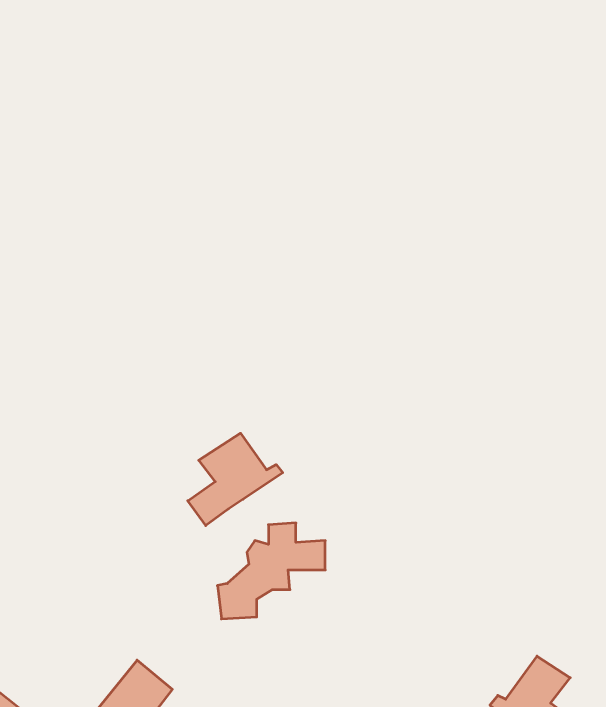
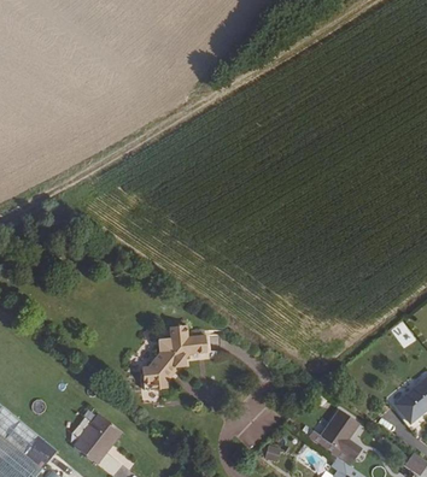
building: [188,433,283,526] -> none

